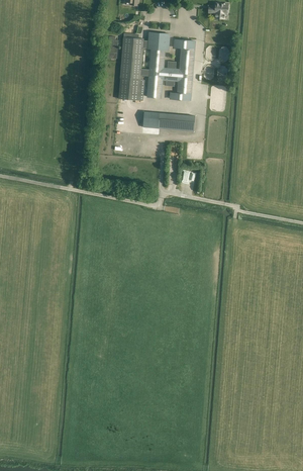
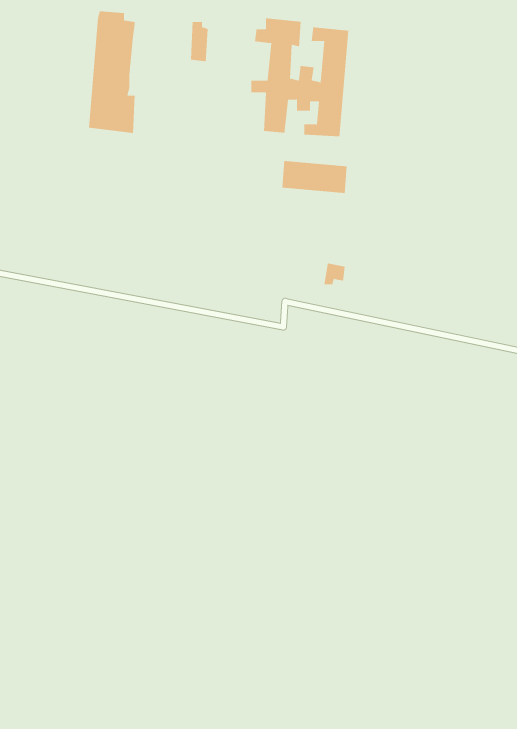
building: [117,32,143,100] -> [88,11,136,133]

